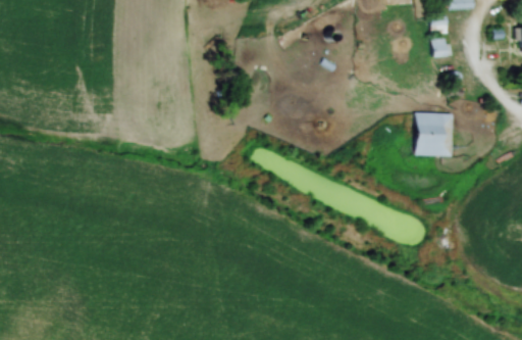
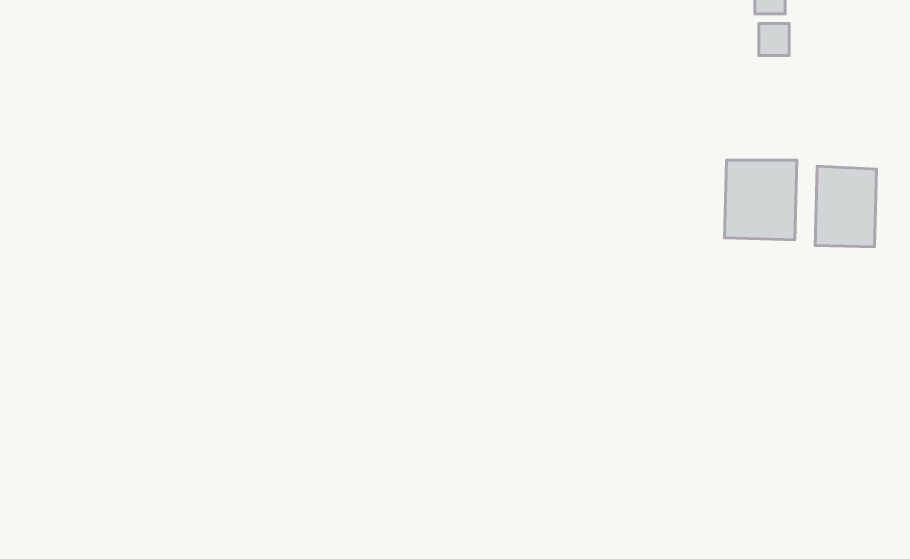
building: none -> [815,166,876,247]

